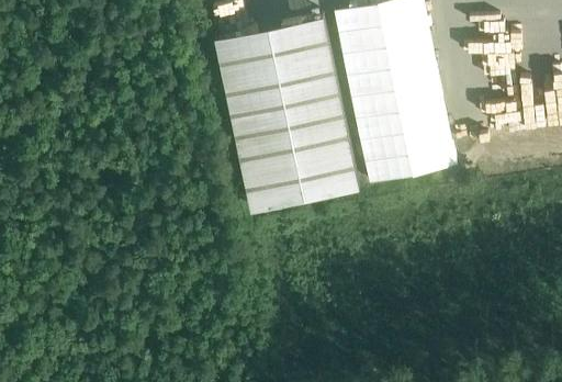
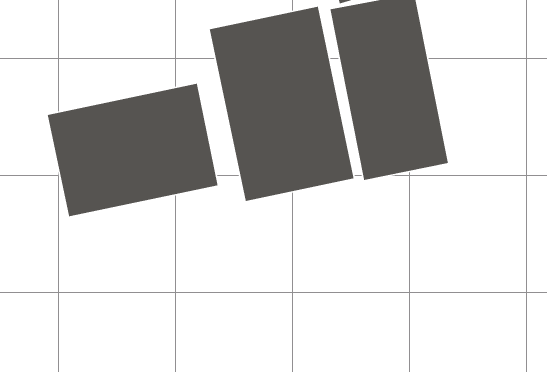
building: none -> [47,83,218,217]

